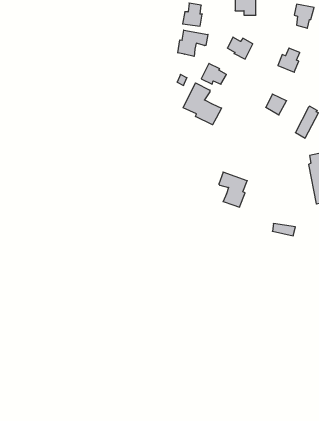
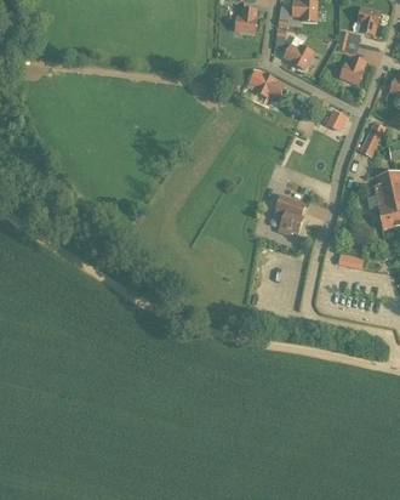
building: [178,30,208,56] -> none
building: [183,83,222,125] -> none

